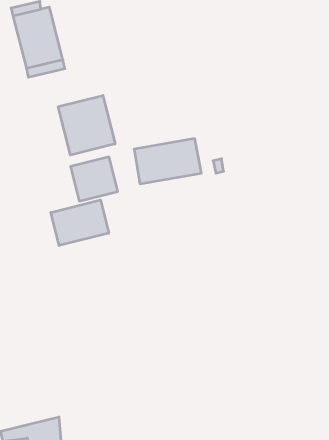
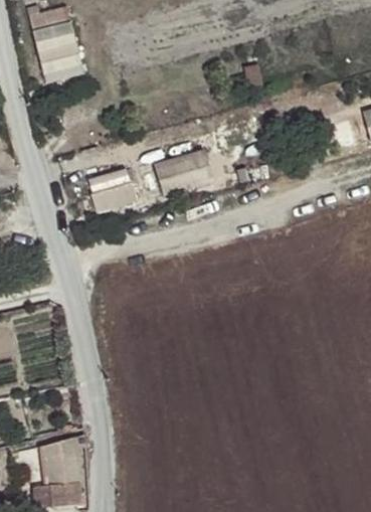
building: [58,95,115,155] -> none
building: [51,200,109,246] -> none

